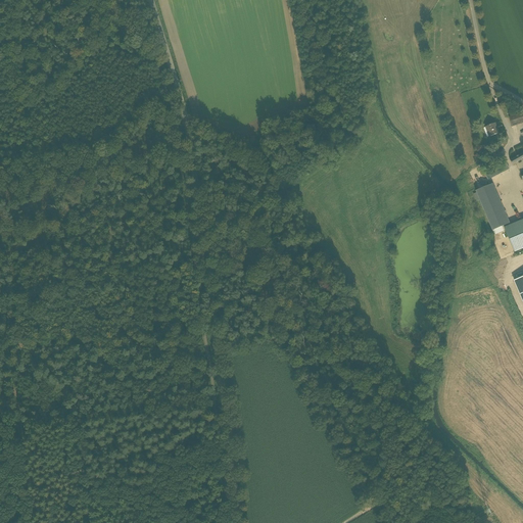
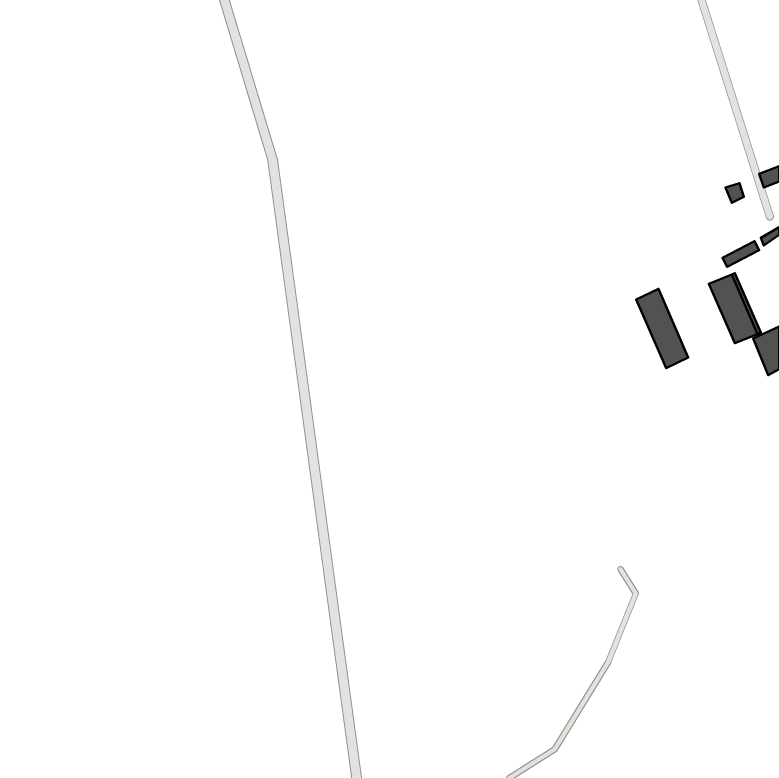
building: none -> [636,289,688,368]

